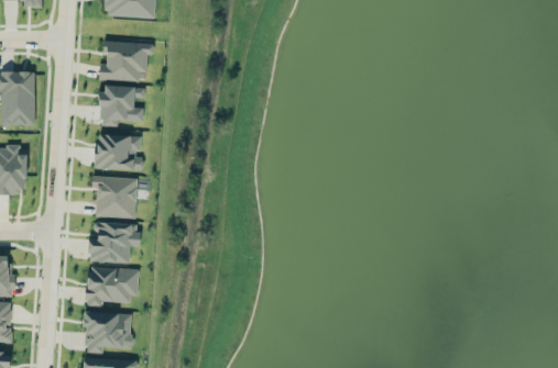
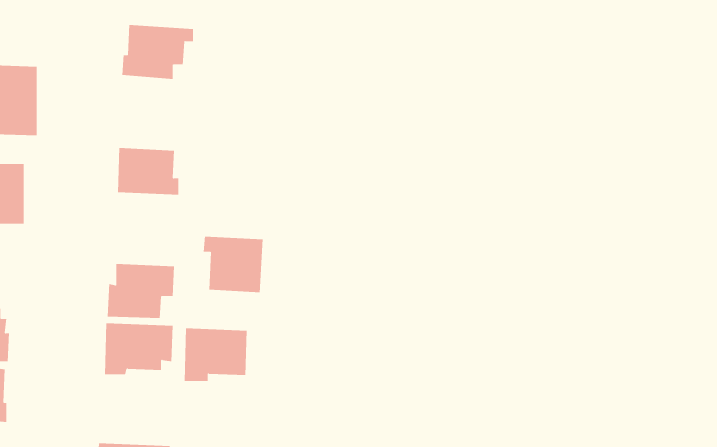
building: [100,86,145,126] -> none
building: [91,176,138,219] -> [203,236,264,293]
building: [84,312,132,353] -> [184,328,248,381]

